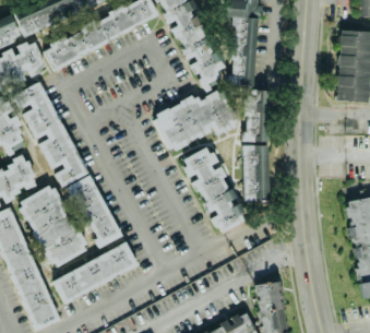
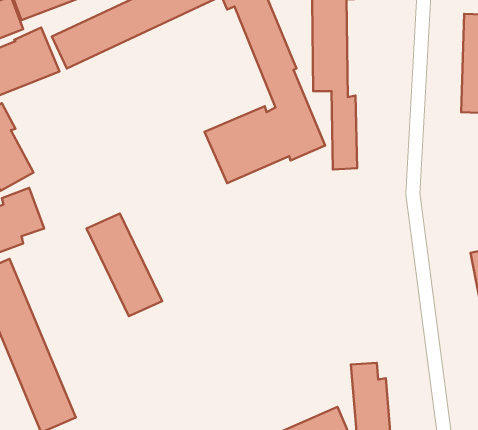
building: [13,81,86,187] -> none
building: [242,144,270,201] -> none
building: [181,146,246,233] -> none
building: [19,185,88,269] -> none
building: [51,242,139,304] -> none

